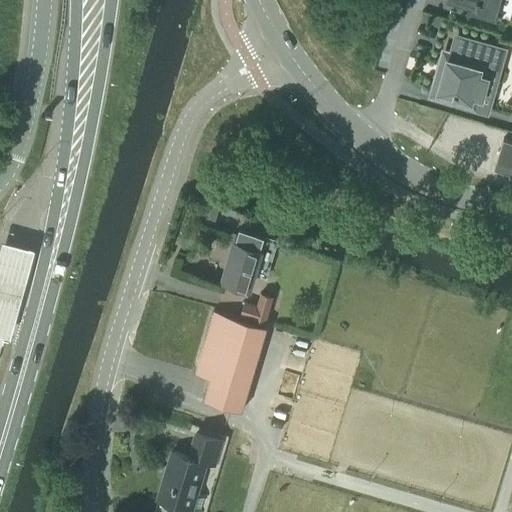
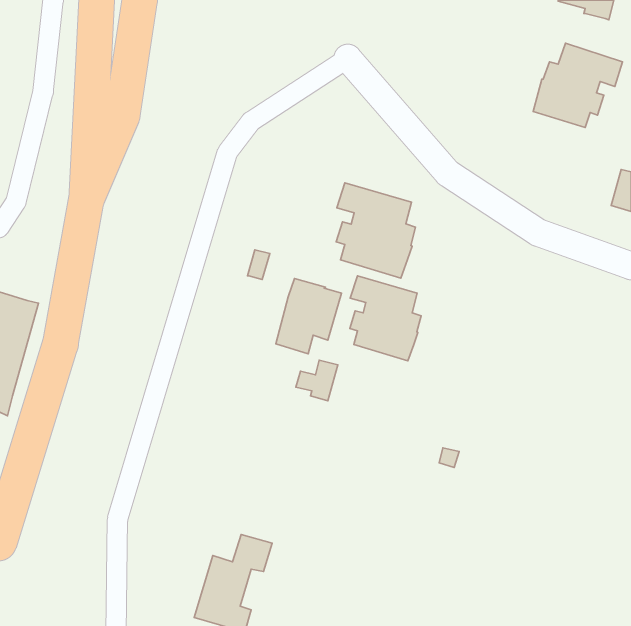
building: none -> [336,183,416,278]
building: none -> [350,276,421,361]
building: [194,316,265,413] -> none

